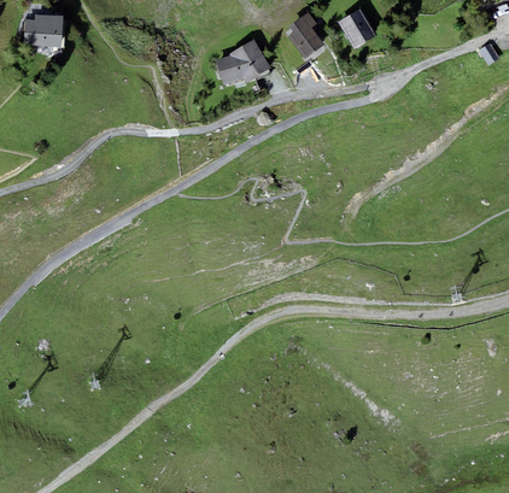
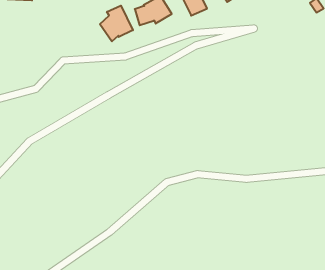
building: none -> [100,6,133,41]

